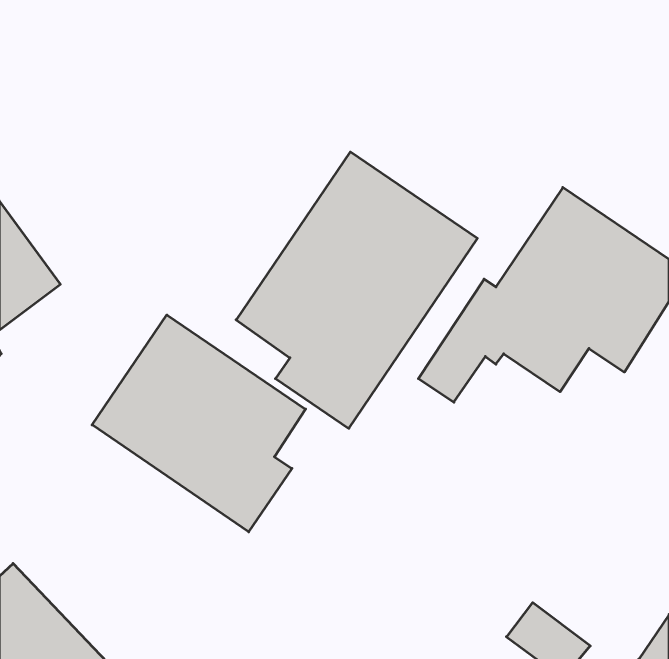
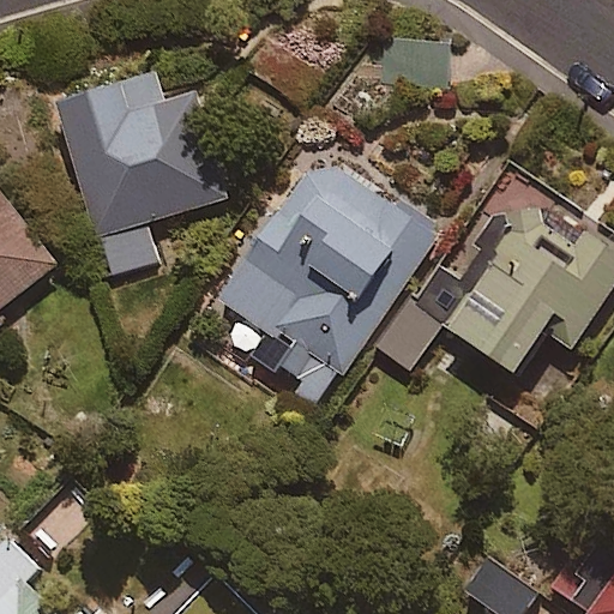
building: none -> [52,64,227,287]
building: [92,315,306,532] -> none

